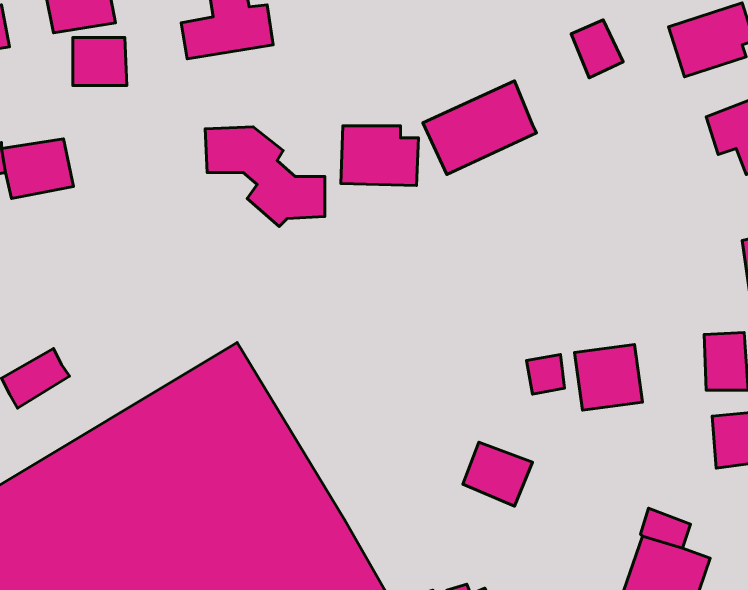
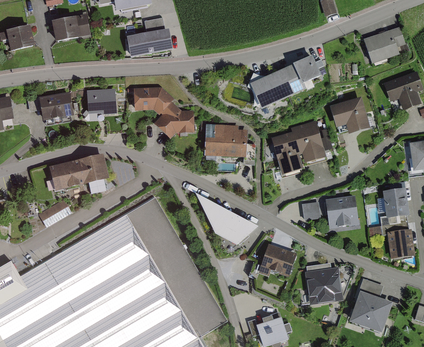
building: [571,20,623,78] -> [290,57,316,86]
building: [73,38,127,86] -> [89,91,116,115]
building: [341,126,419,186] -> [207,125,246,155]
building: none -> [335,96,373,135]
building: none -> [276,121,328,173]
building: none -> [51,156,110,191]
building: none -> [190,195,253,246]
building: none -> [308,263,343,303]

